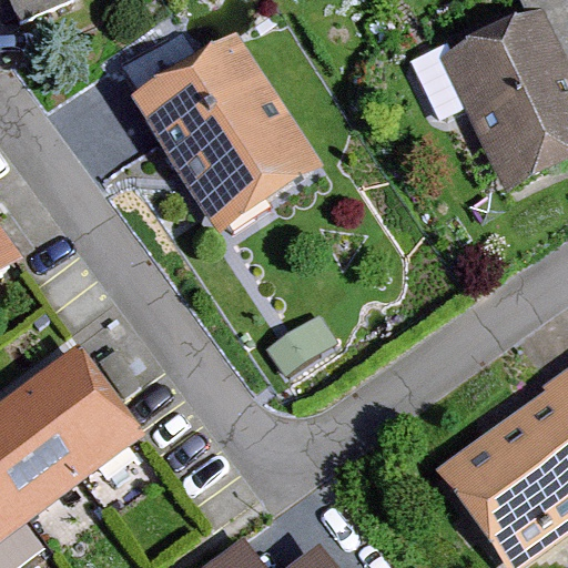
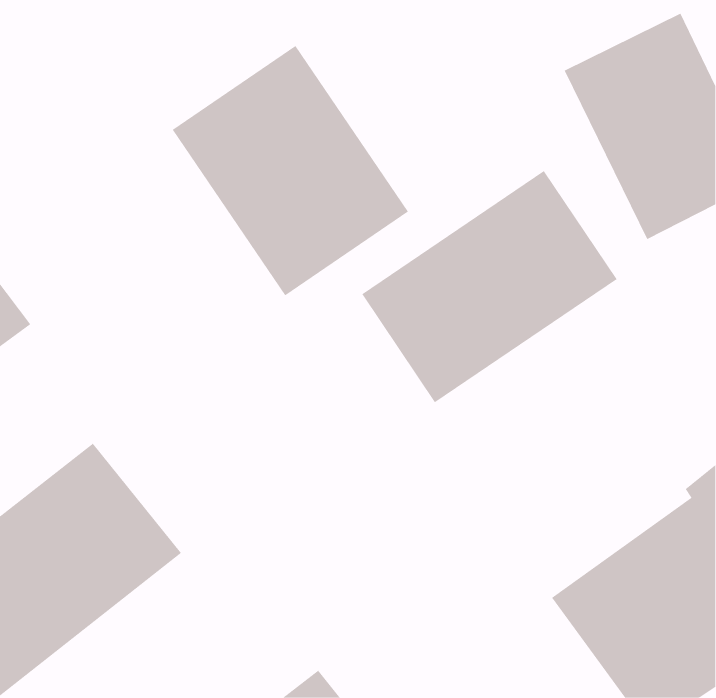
building: none -> [361,170,617,403]

